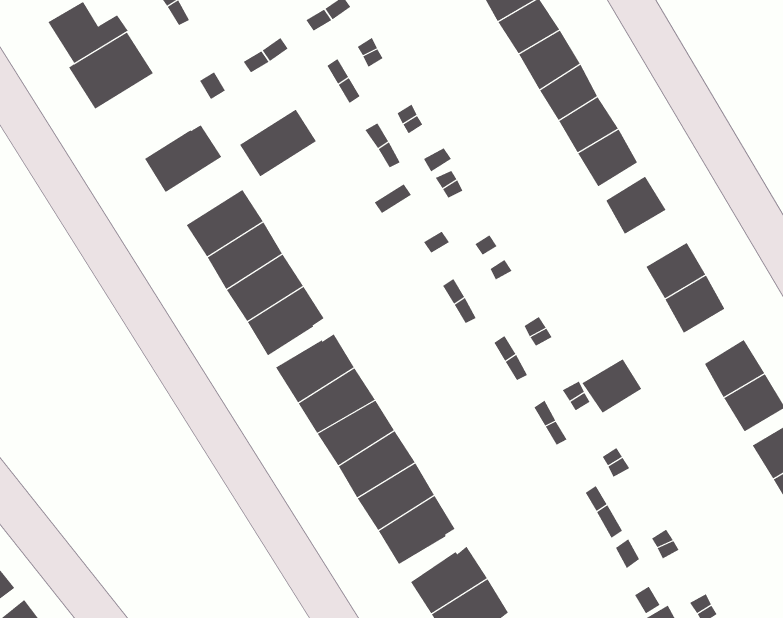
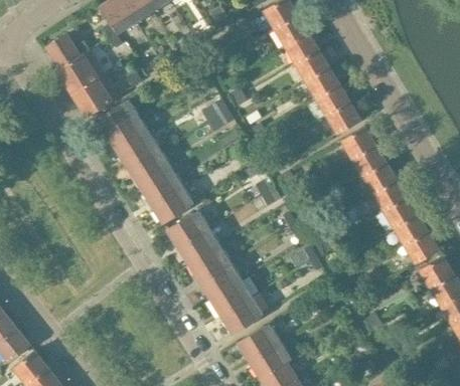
building: none -> [71,74,117,118]
building: [239,109,317,177] -> [109,119,150,155]
building: none -> [352,147,386,177]
building: [581,358,642,413] -> [384,199,416,228]

